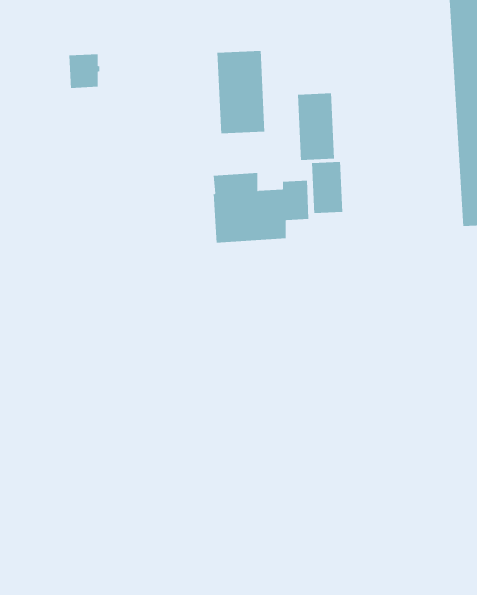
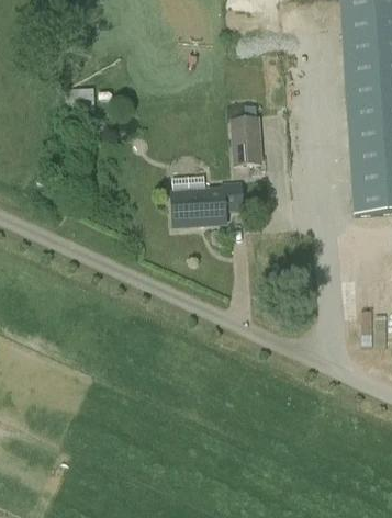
building: [217,50,265,134] -> none
building: [311,161,343,214] -> none

